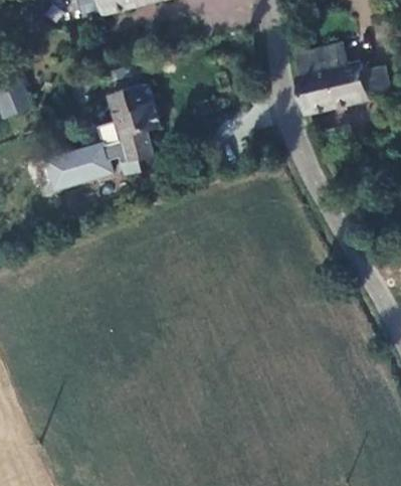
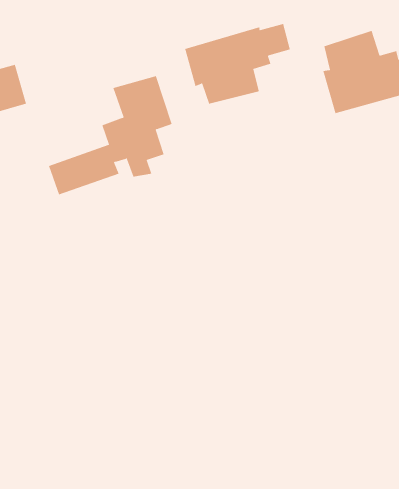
building: none -> [184,23,290,105]

